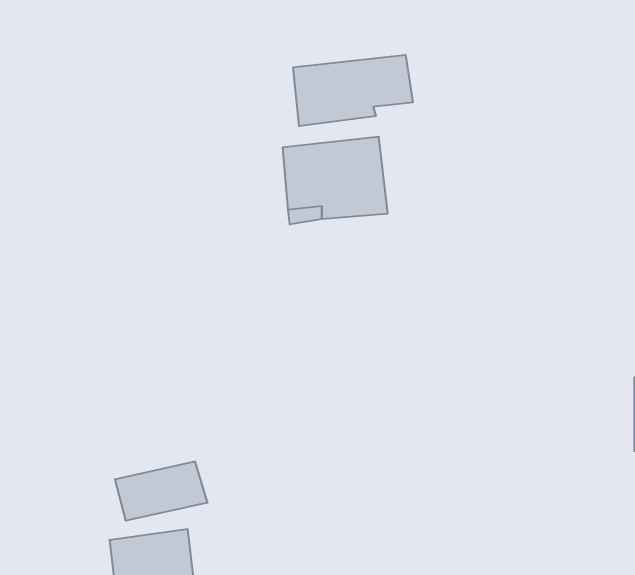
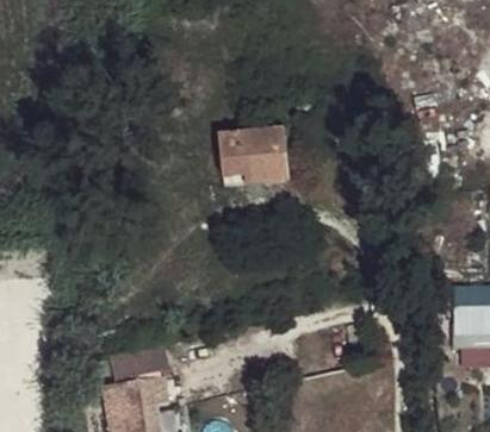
building: [293,55,413,126] -> none

